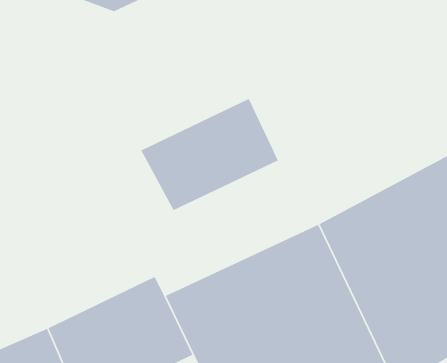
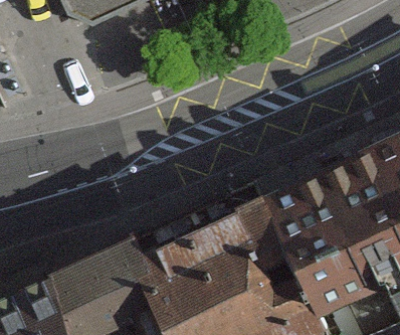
building: [140,98,279,211] -> none

